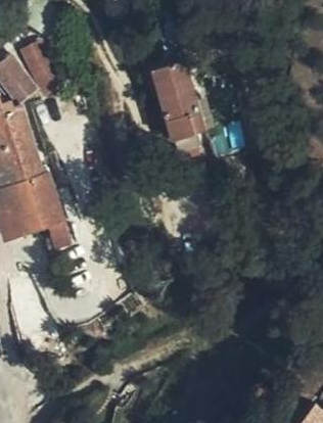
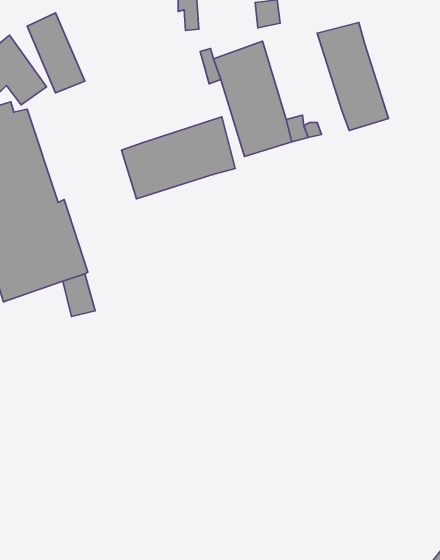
building: none -> [317,23,388,131]
building: none -> [121,117,235,199]

